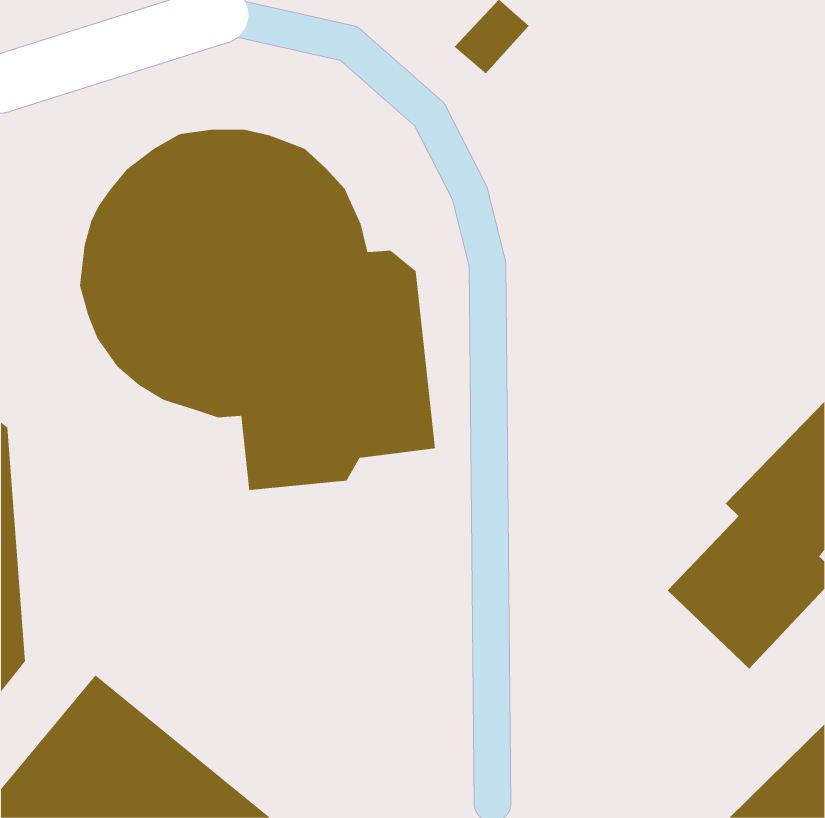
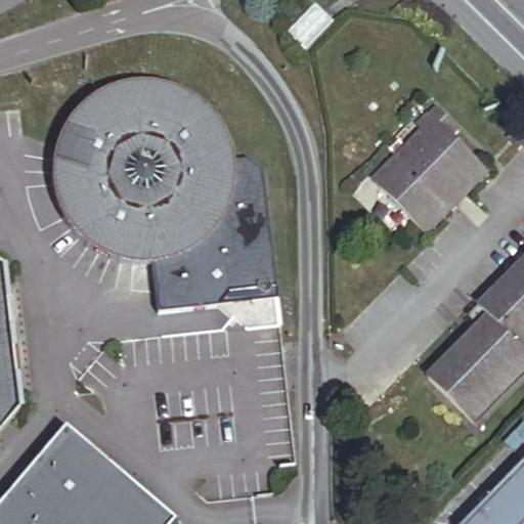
building: none -> [375,98,485,226]

